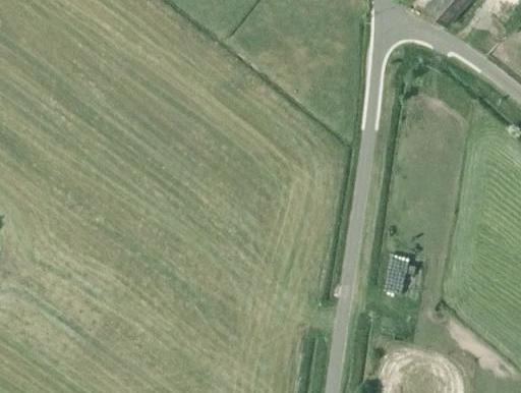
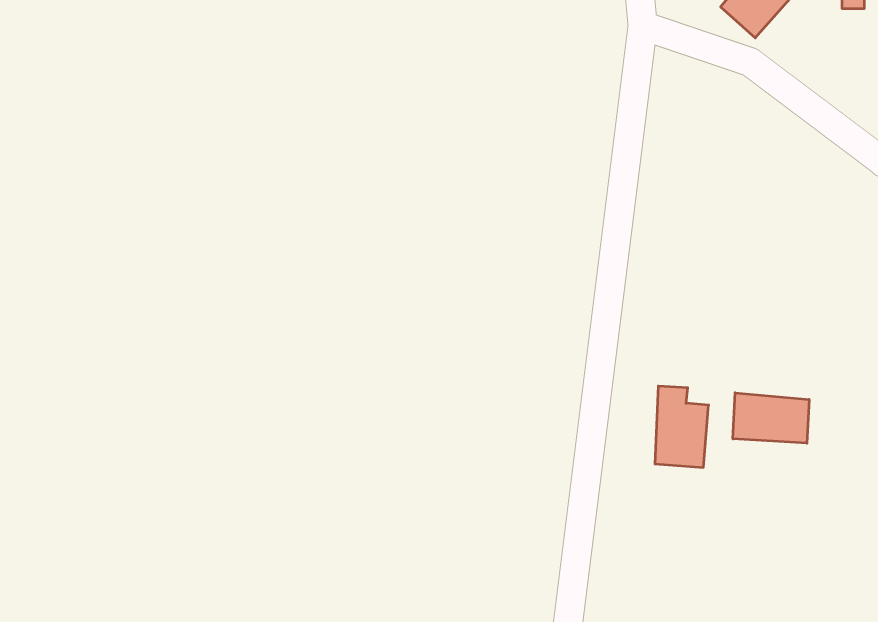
building: none -> [733,393,809,443]

